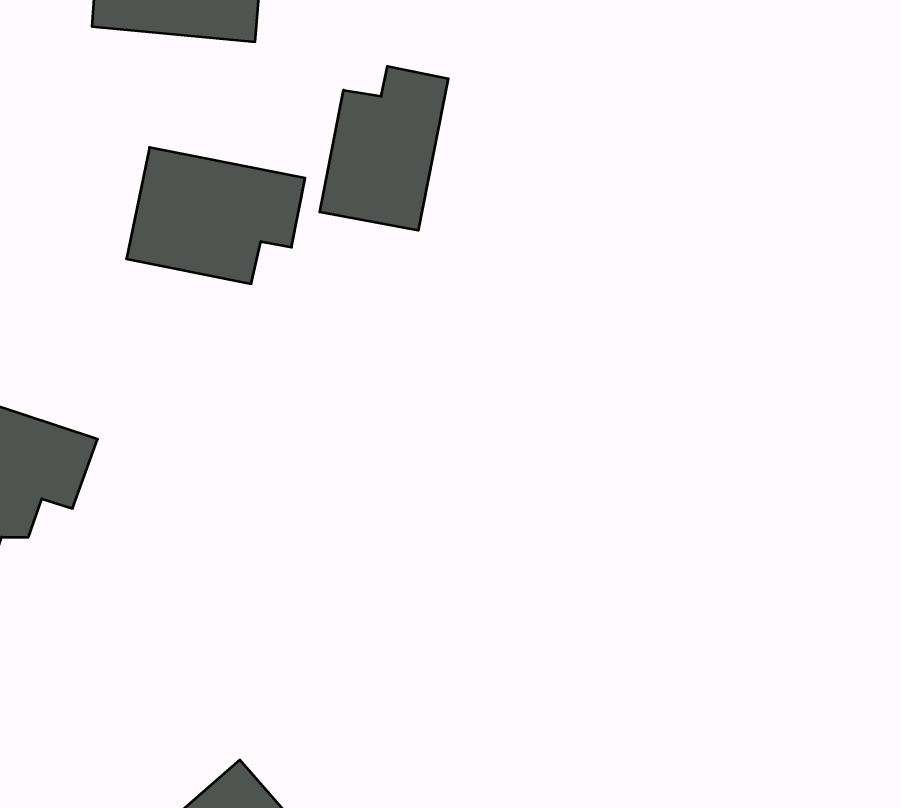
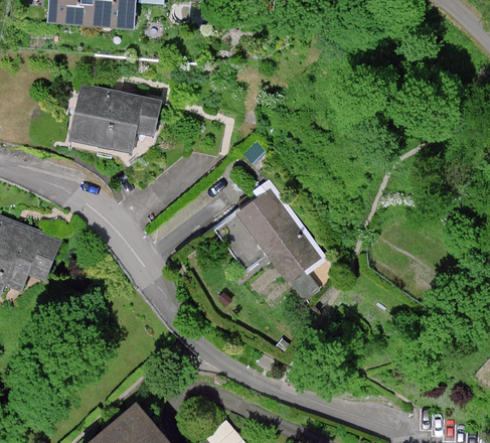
building: [320,66,448,230] -> none
building: none -> [211,186,329,286]

